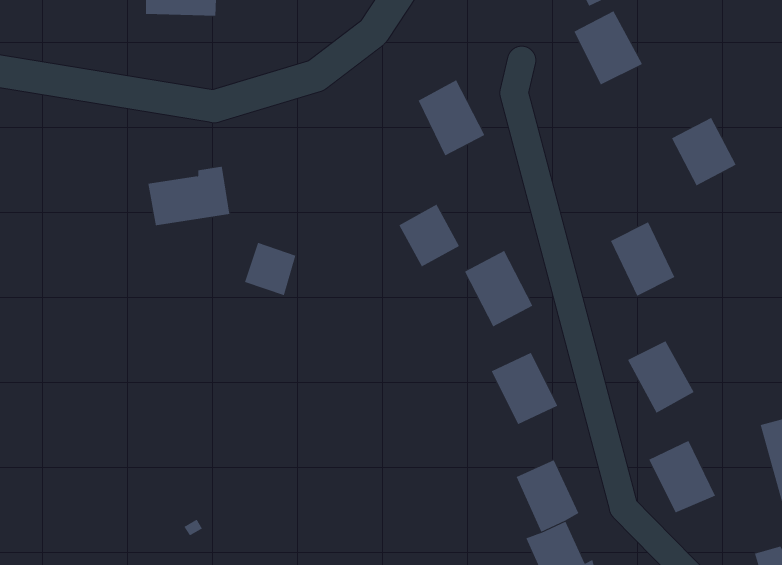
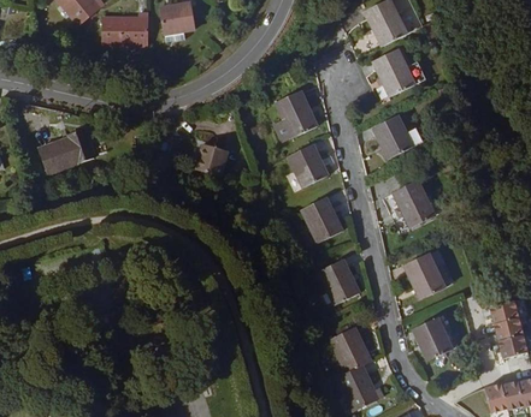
building: [671,117,736,186] -> [372,111,413,154]
building: [148,166,230,226] -> [35,136,87,173]
building: [398,204,460,267] -> [289,142,328,181]
building: [244,242,296,296] -> [194,143,226,177]

